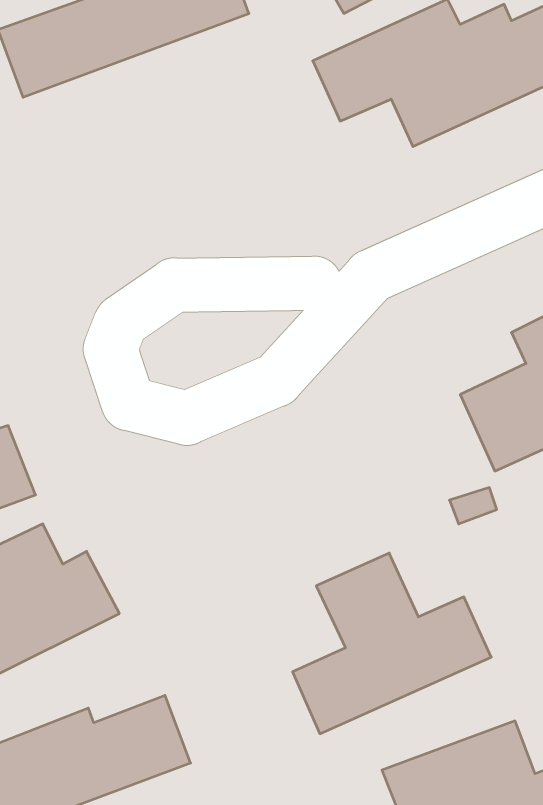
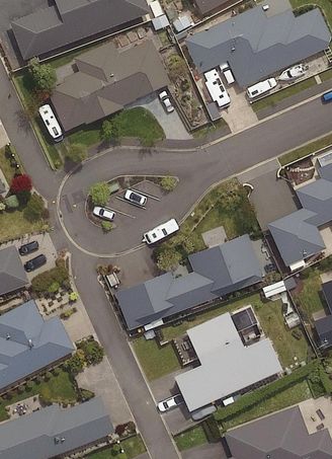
building: none -> [47,40,170,132]
building: none -> [115,235,263,330]

